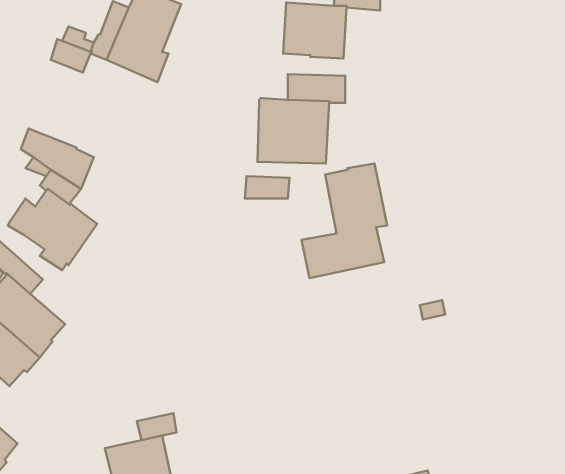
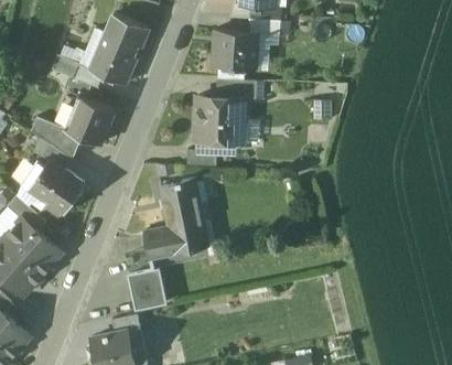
building: none -> [69,98,115,144]
building: [301,164,387,278] -> [144,179,204,258]
building: none -> [128,270,165,310]

